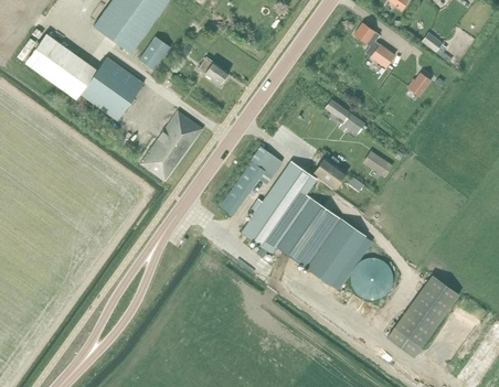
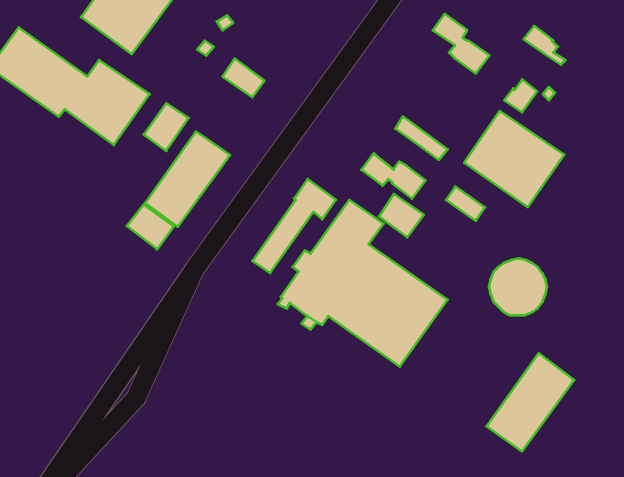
building: [137,35,170,71] -> [144,103,189,151]
building: none -> [464,111,564,207]
building: none -> [361,153,425,199]
building: none -> [127,205,174,249]
building: [350,257,393,299] -> [489,259,547,315]

